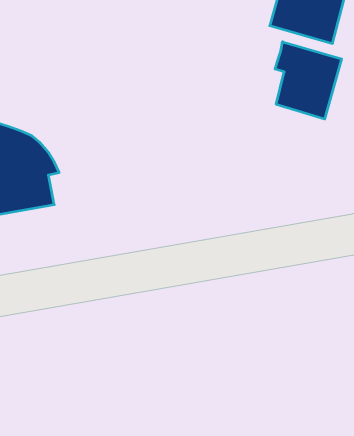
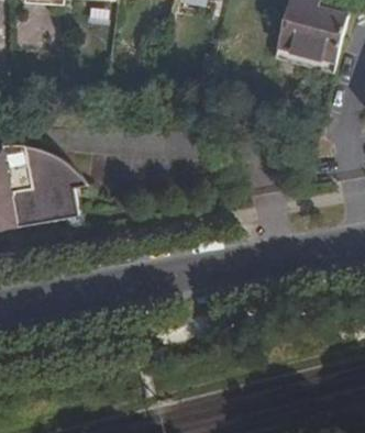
building: [275,42,342,119] -> none

